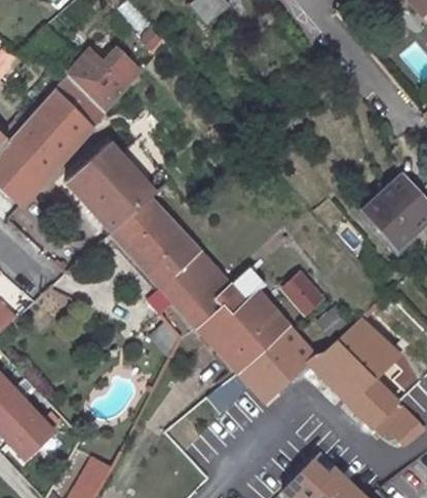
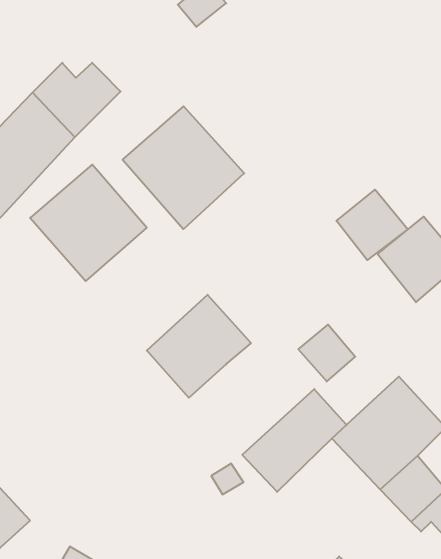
building: none -> [336,190,408,260]
building: [107,191,207,292] -> [123,106,244,229]
building: [192,288,296,378] -> none

